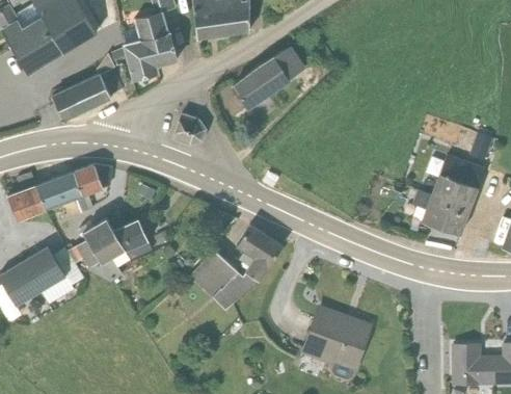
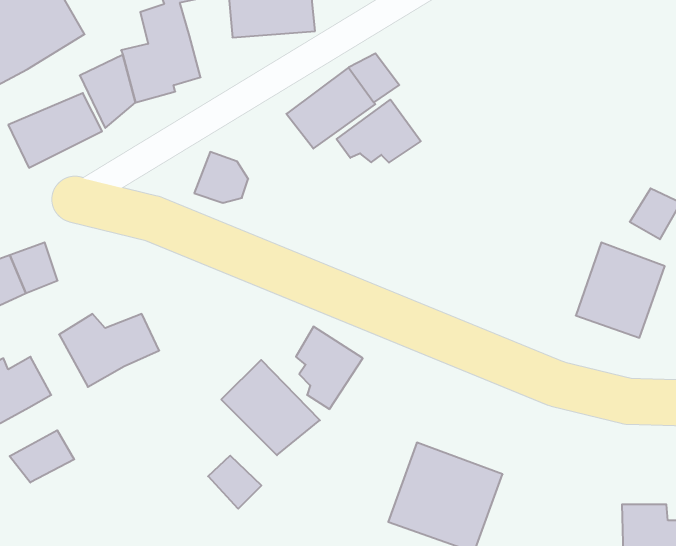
building: none -> [337,100,421,163]
building: [75,163,105,195] -> none
building: none -> [10,430,74,483]
building: none -> [208,456,261,509]

